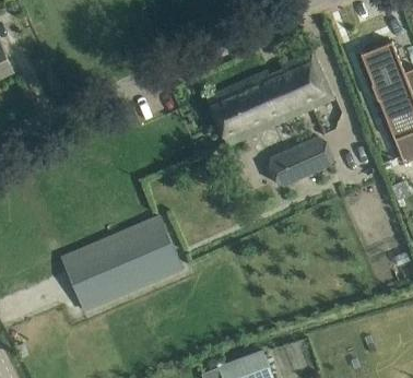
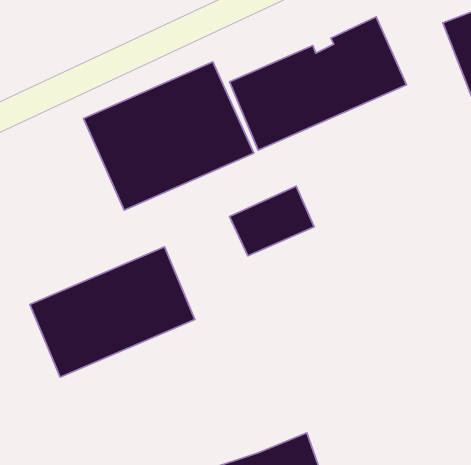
building: none -> [83,62,254,210]
building: [269,137,330,187] -> [230,186,314,256]

